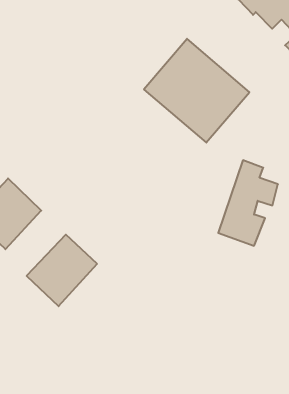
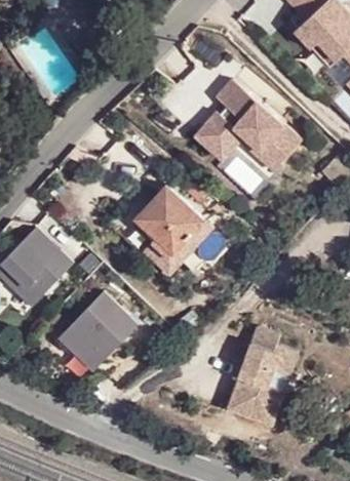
building: none -> [143,183,210,257]
building: [218,160,278,246] -> [233,323,300,418]

